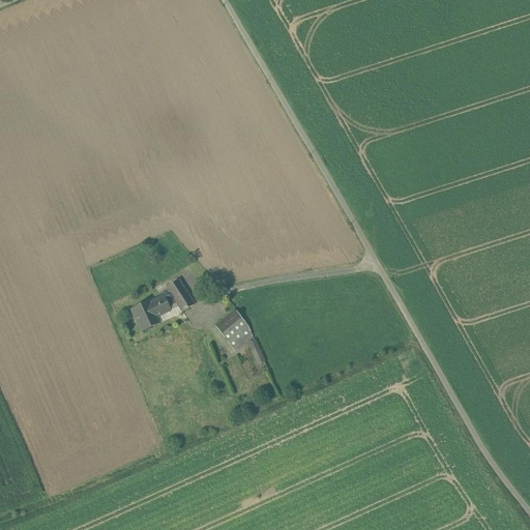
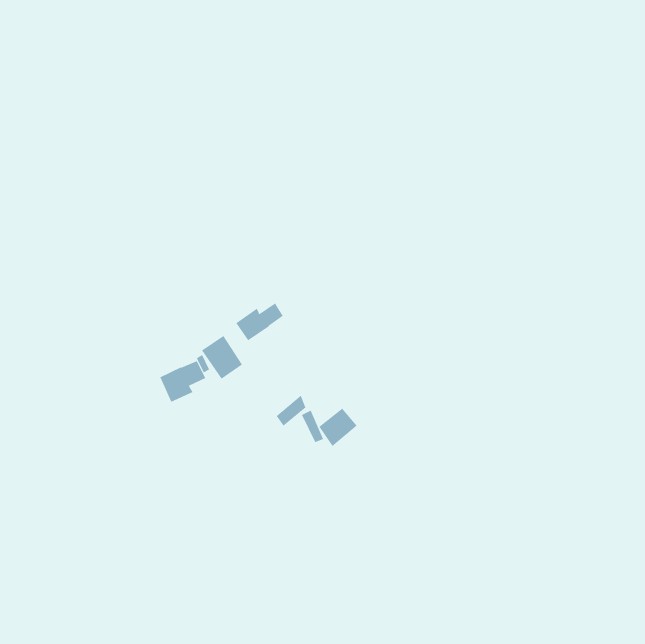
building: none -> [235,303,283,341]
building: [214,308,246,341] -> [318,408,358,447]

